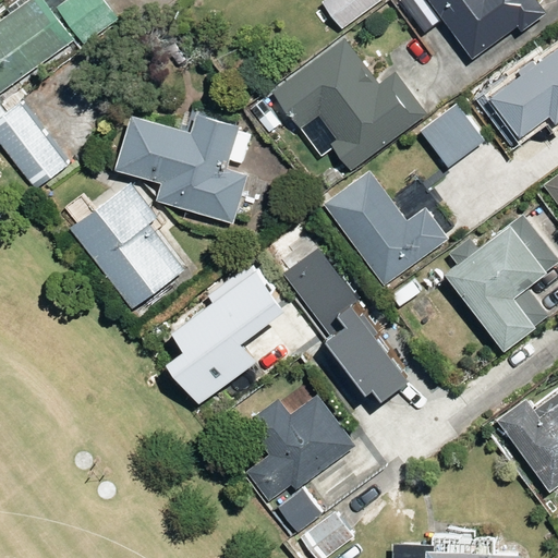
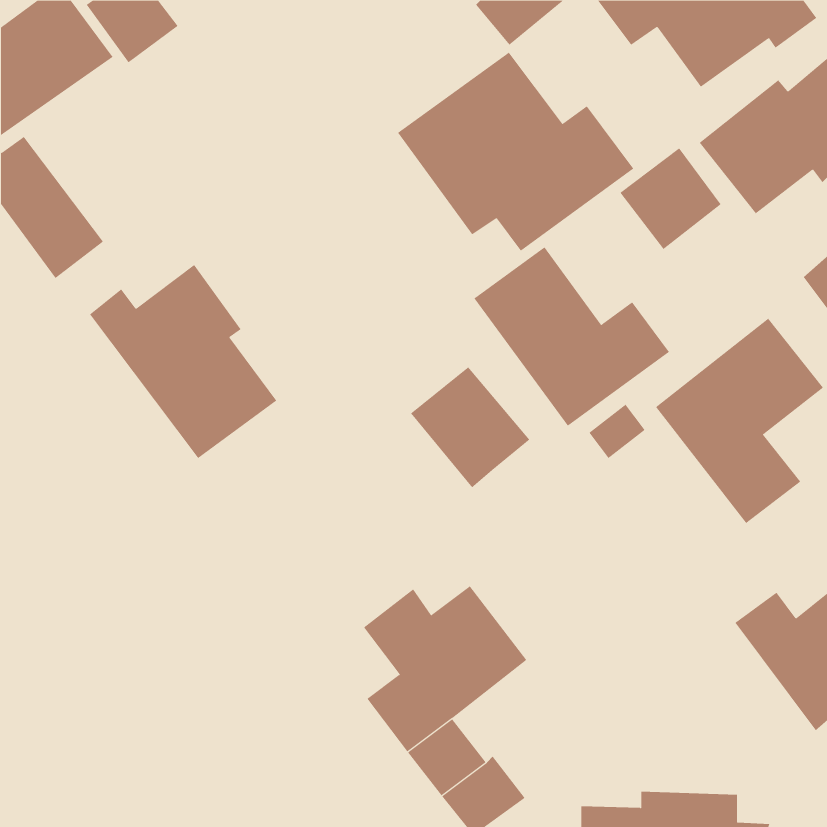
building: [113,118,255,225] -> none
building: [172,262,292,399] -> none
building: [312,296,411,402] -> none

